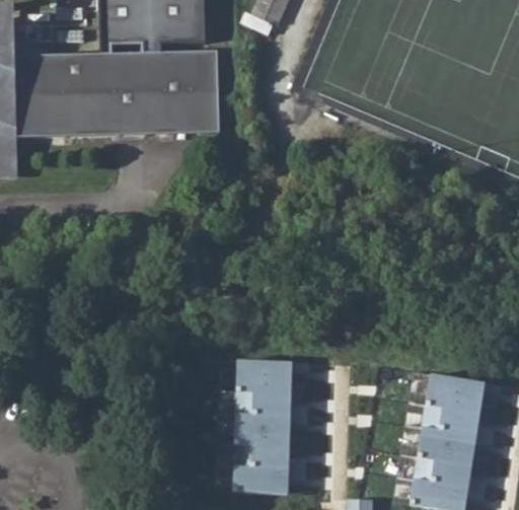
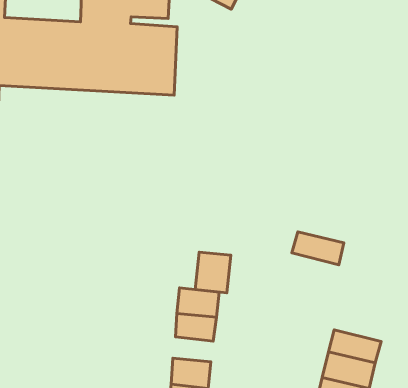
building: none -> [195,252,231,293]
building: [426,368,486,404] -> [292,232,344,265]
building: [239,415,285,441] -> none

